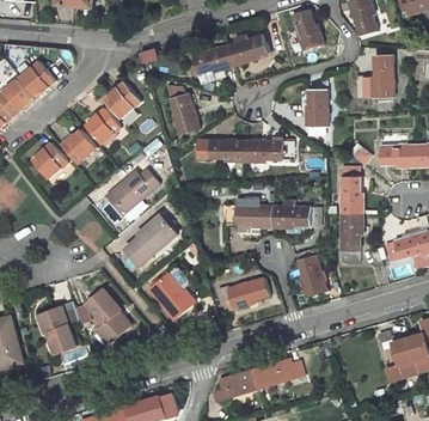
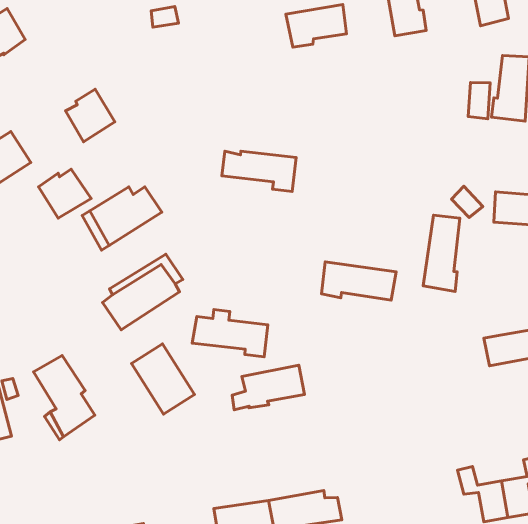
building: [192,44,234,73] -> none
building: [109,84,142,120] -> none
building: [305,89,327,127] -> none
building: [170,90,198,135] -> none
building: [63,130,99,164] -> [38,169,91,218]
building: [245,139,294,161] -> none
building: [223,200,272,227] -> [192,310,268,357]
building: [339,214,361,263] -> none
building: [296,249,326,297] -> none

